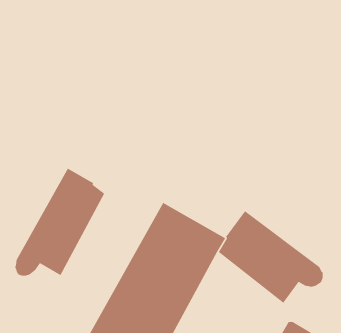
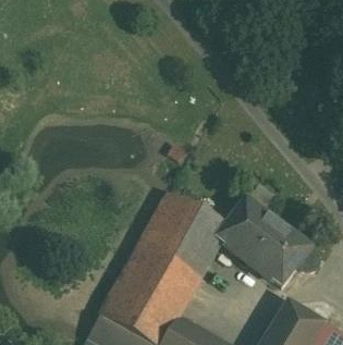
building: [14,168,105,277] -> none

